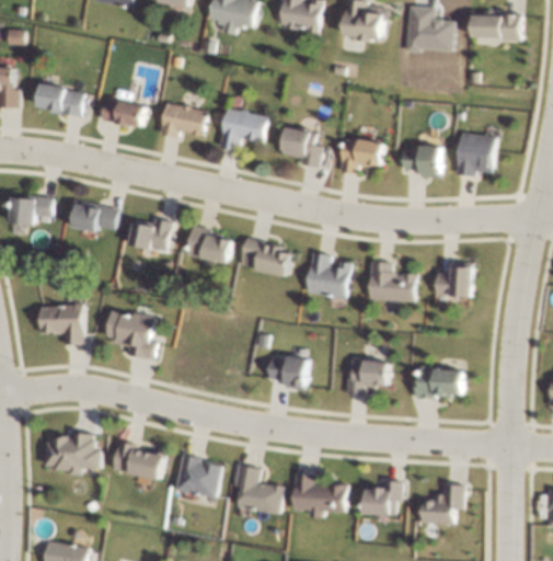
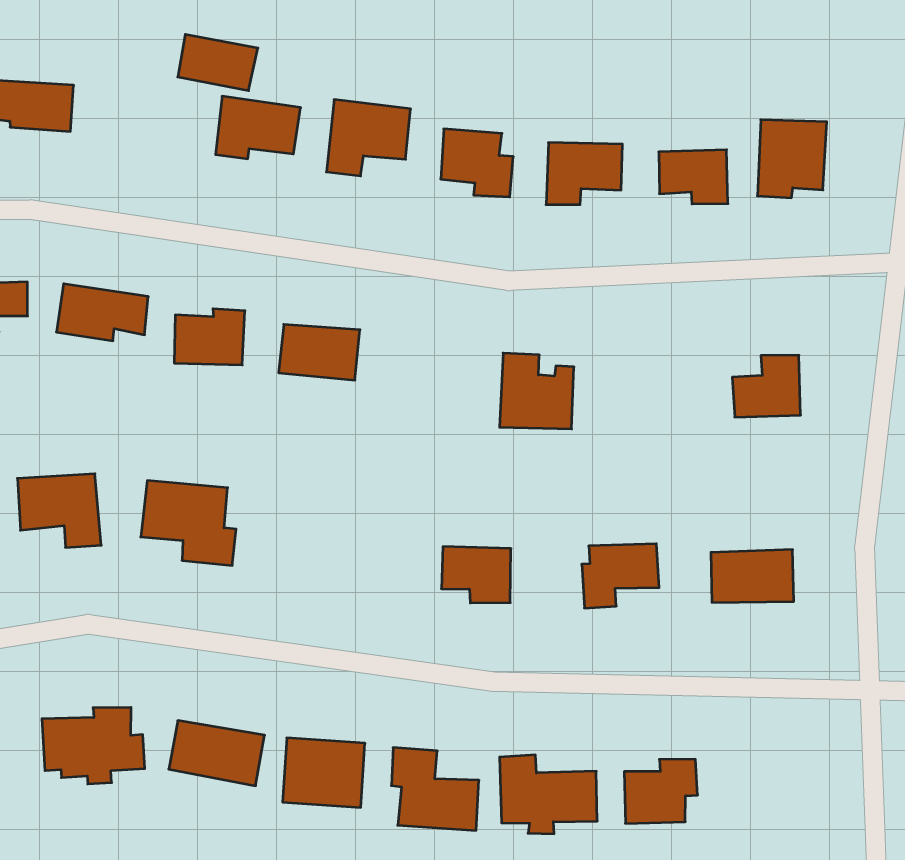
building: [102,95,147,128] -> [178,34,258,91]
building: [240,239,293,276] -> none
building: [369,261,416,301] -> none
building: [422,484,464,524] -> none

